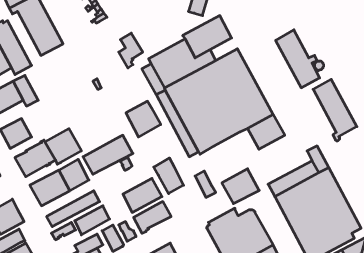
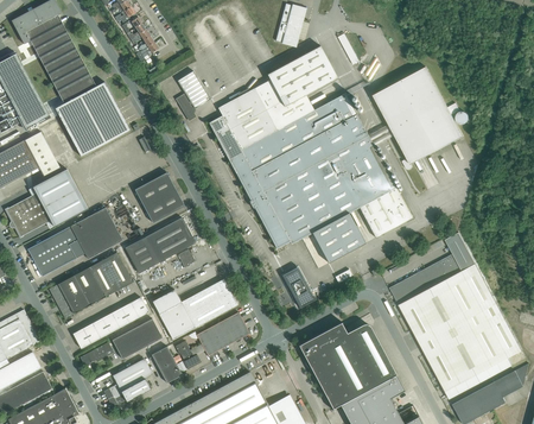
building: none -> [55,82,129,157]
building: [313,79,357,141] -> [373,82,436,170]
building: none -> [32,169,87,227]
building: [126,101,161,137] -> [134,172,184,223]
building: [154,158,184,194] -> [151,289,193,340]
building: [222,169,259,204] -> [311,213,364,262]

